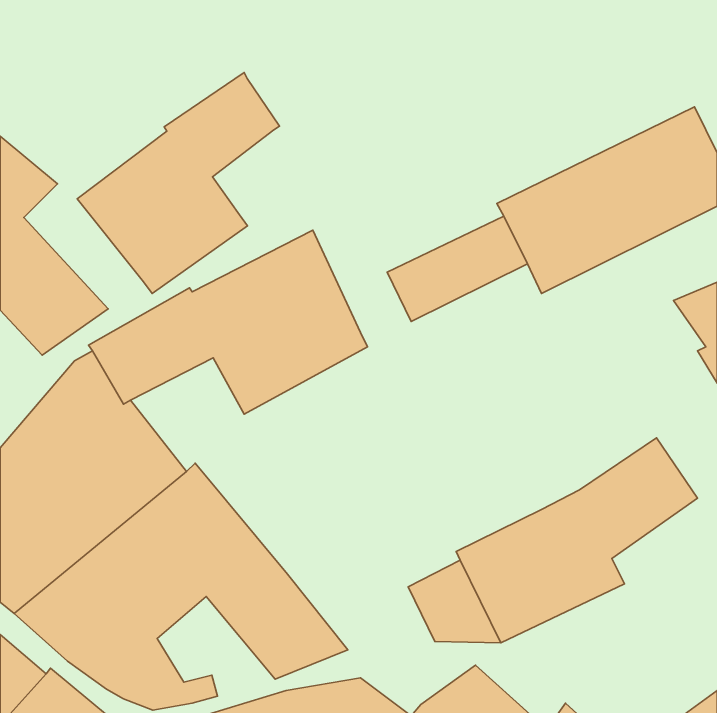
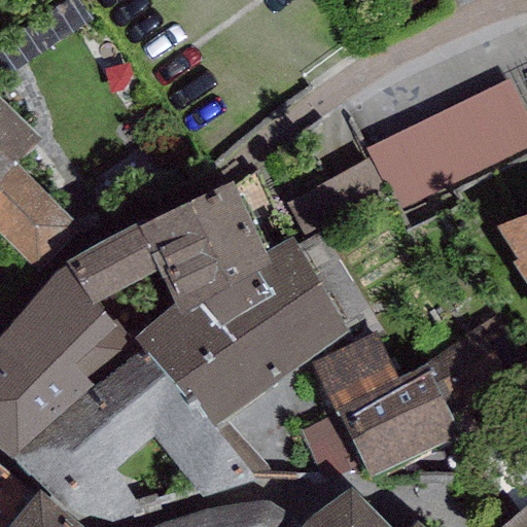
building: [77,73,280,293] -> none
building: none -> [134,234,347,424]
building: none -> [313,329,397,408]

